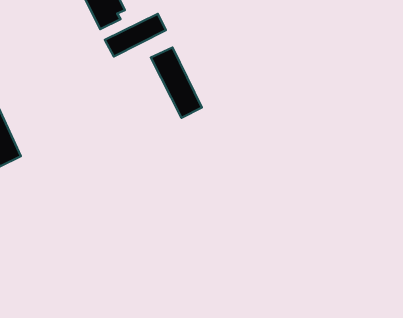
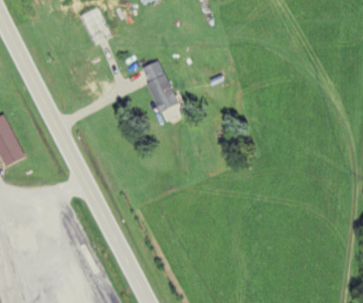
building: [105,14,166,57] -> none

